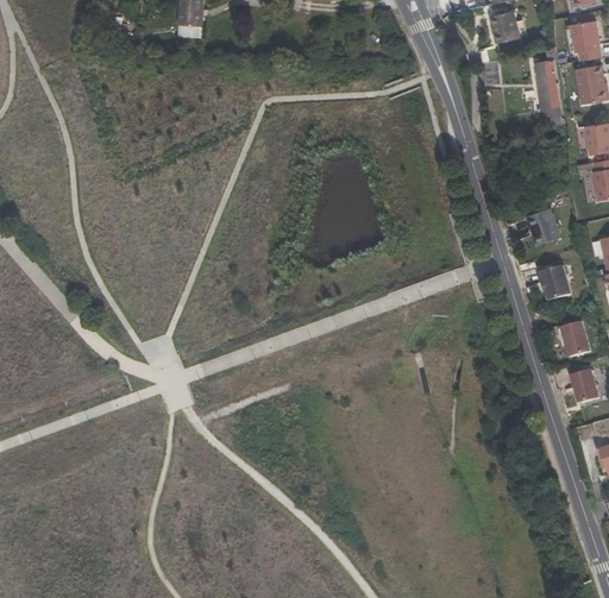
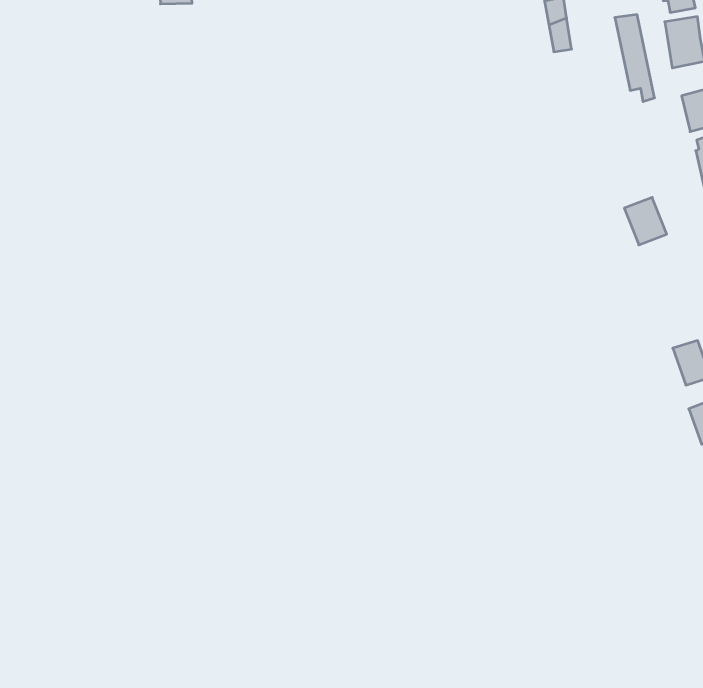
building: [544,263,575,298] -> none

